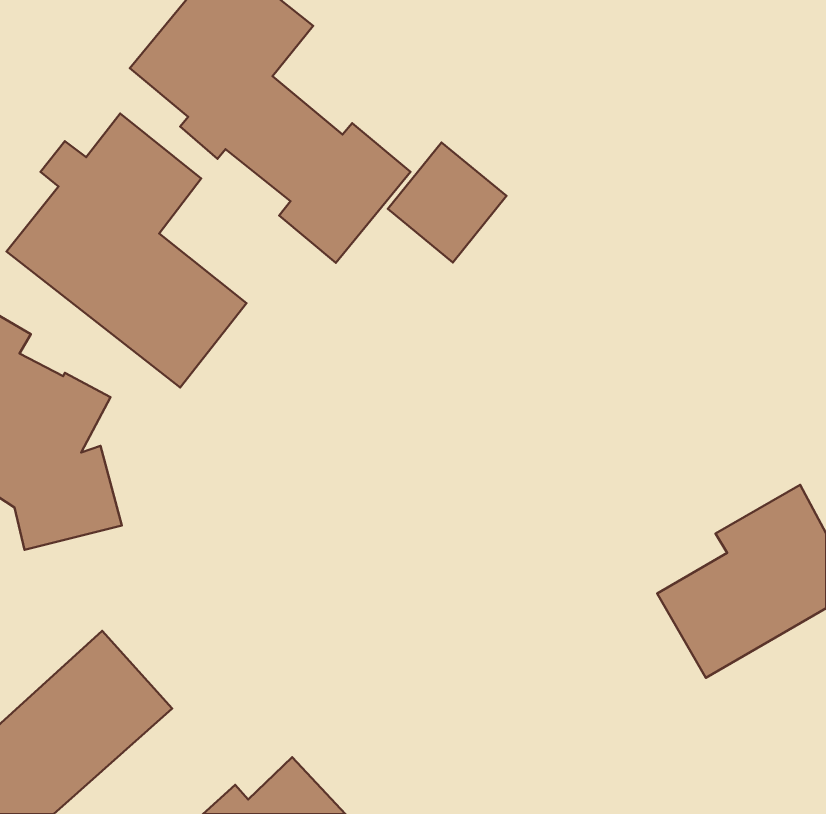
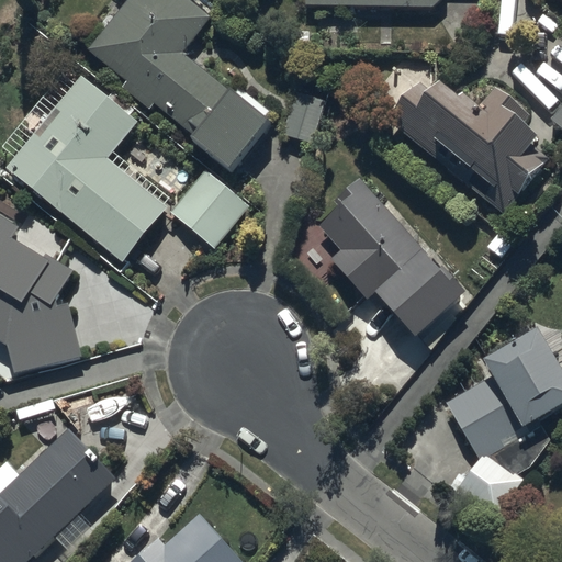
building: none -> [384,78,551,214]
building: [388,142,506,262] -> [169,165,249,246]
building: none -> [321,178,468,339]

